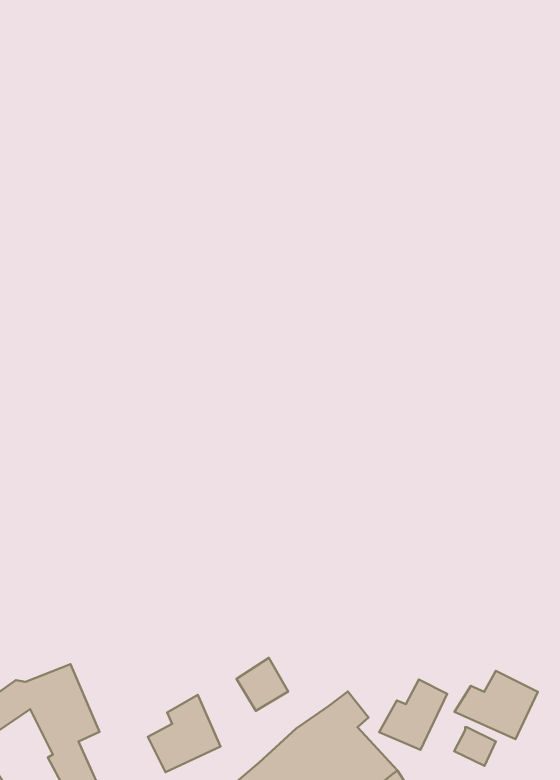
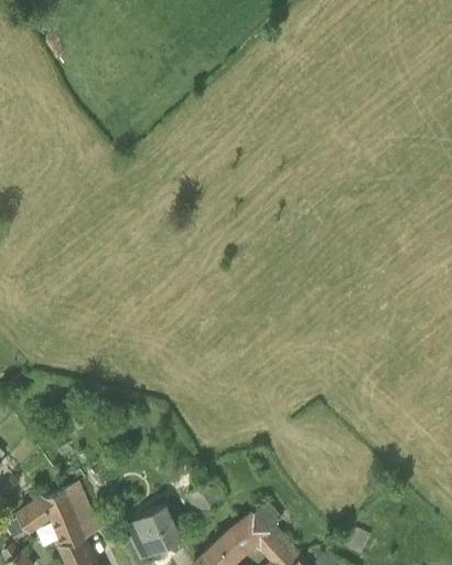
building: [455,671,538,739] -> none
building: [379,679,447,750] -> none

